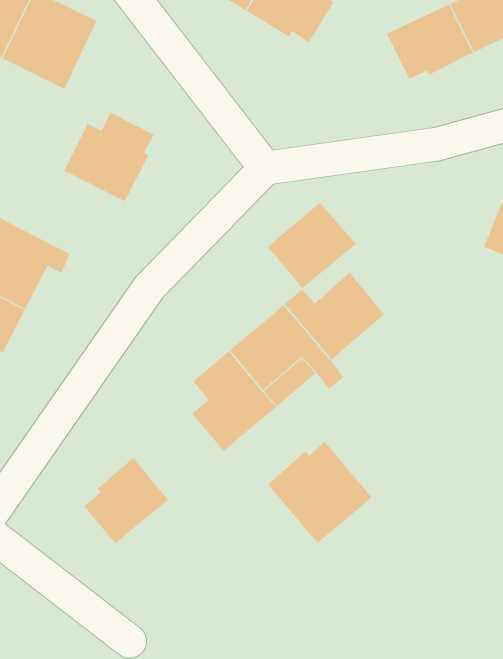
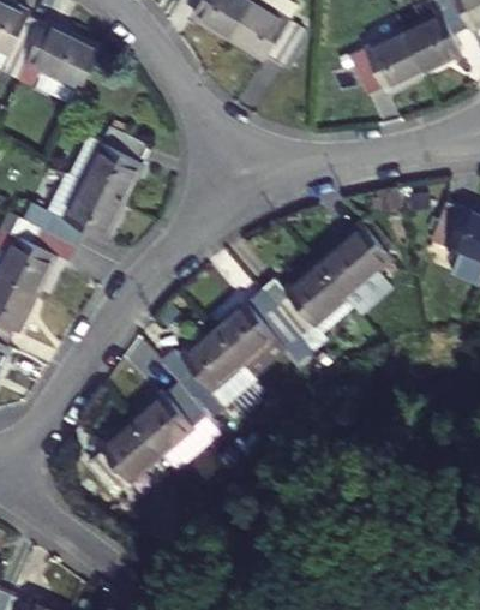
building: none -> [22,173,122,246]
building: [267,202,357,289] -> [314,223,391,298]
building: [267,441,373,543] -> [130,383,220,471]

